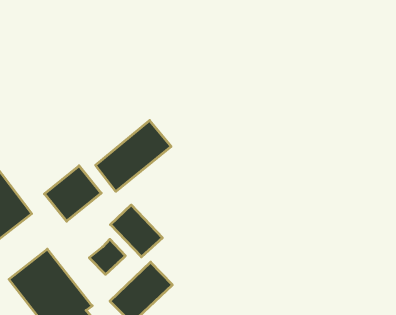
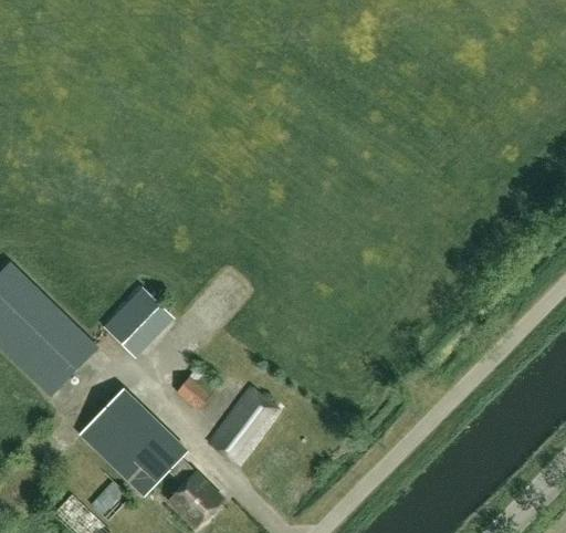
building: [96,120,171,191] -> none
building: [110,205,162,257] -> none

